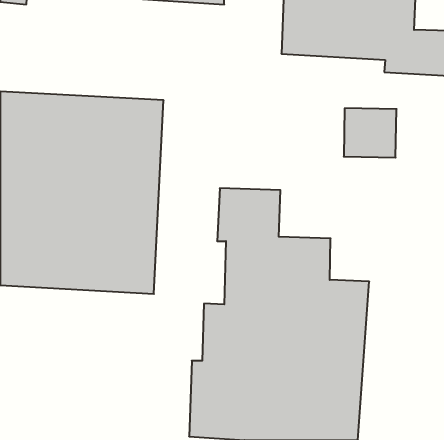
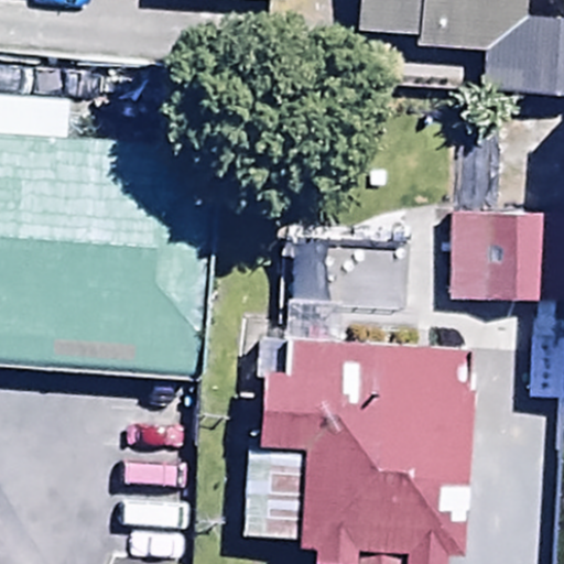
building: none -> [446,216,543,304]

